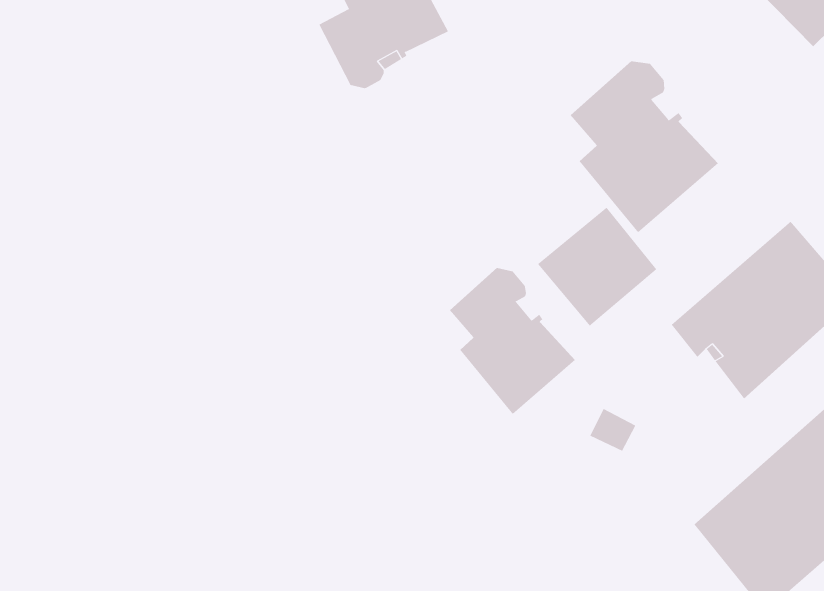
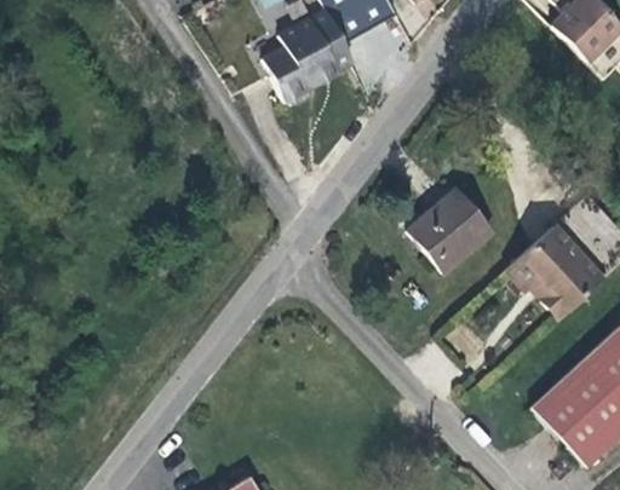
building: [570,60,719,233] -> none
building: [449,267,576,415] -> none

